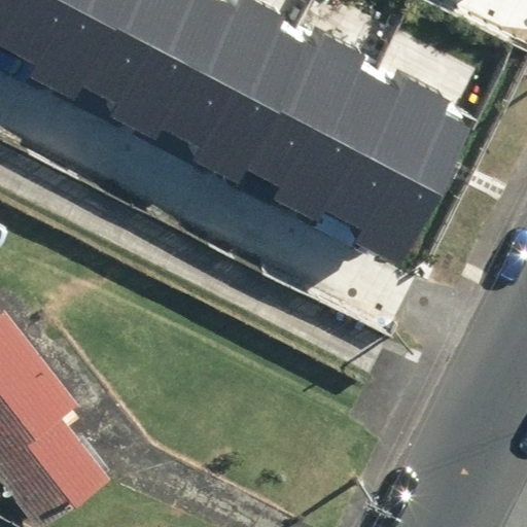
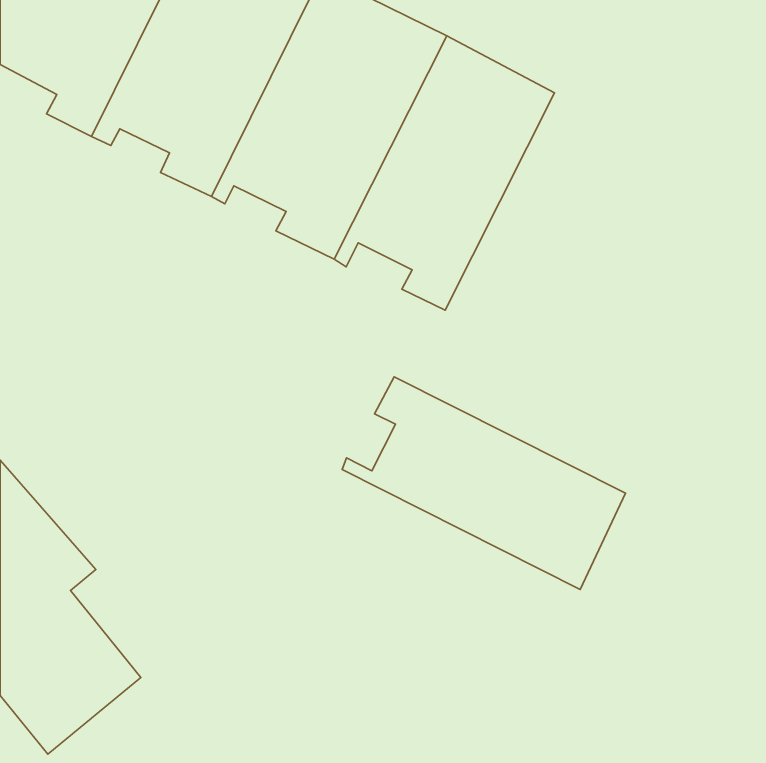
building: [306,64,481,267] -> none
building: none -> [342,377,626,589]

